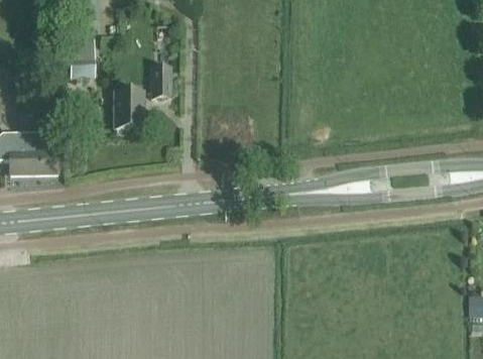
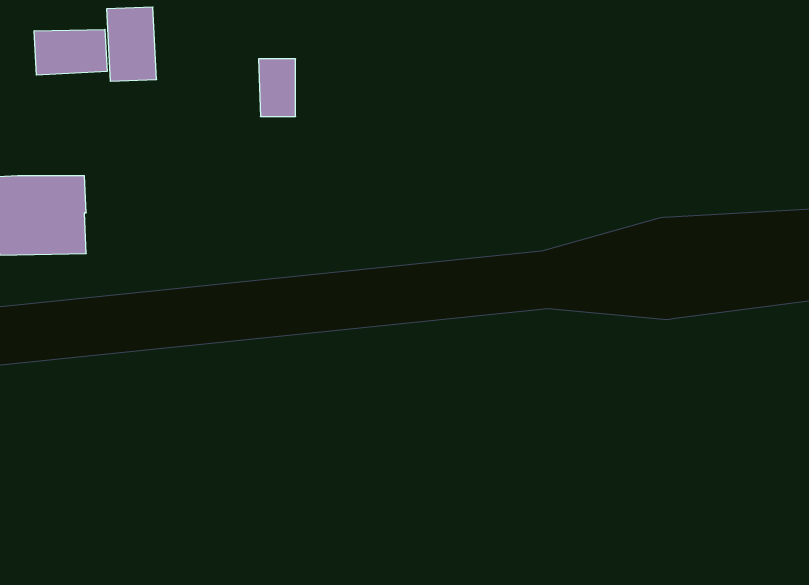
building: none -> [34,29,107,75]
building: [112,93,142,130] -> none

